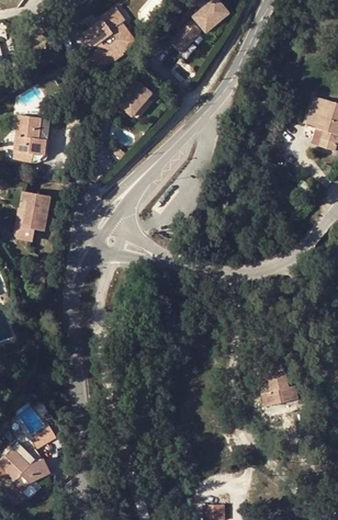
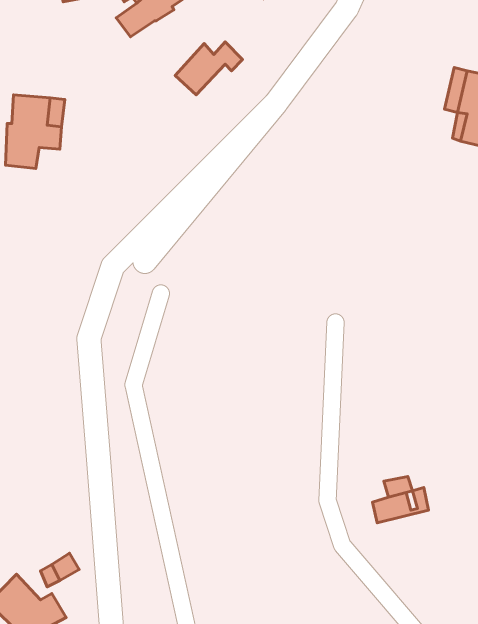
building: [20,189,48,229] -> none

